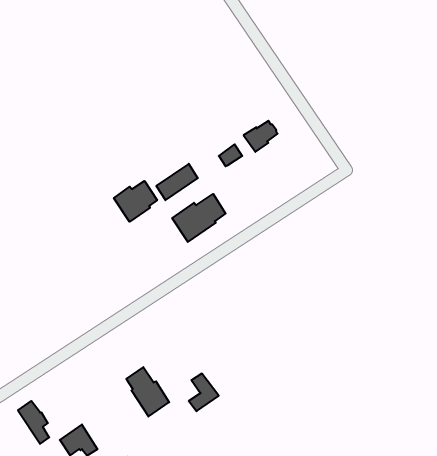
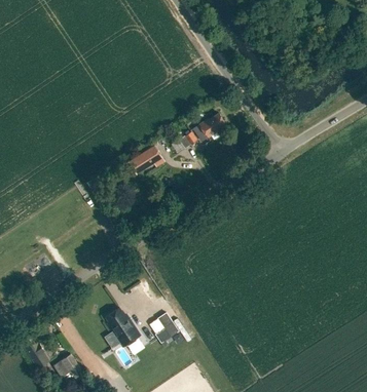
building: [114,181,157,222] -> none
building: [172,194,226,242] -> none

